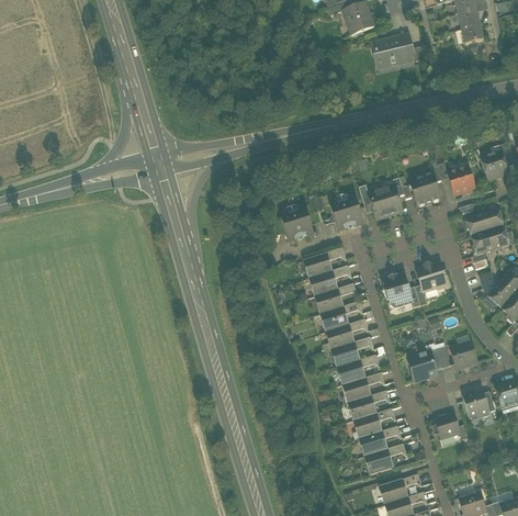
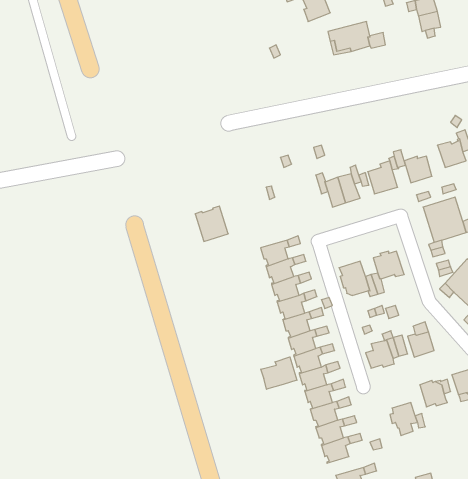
building: [330,195,363,232] -> none
building: [281,206,314,242] -> [195,206,228,241]
building: none -> [261,357,297,389]

